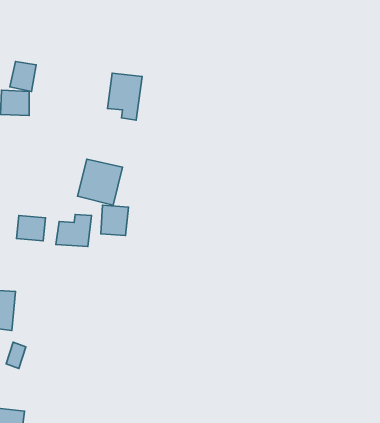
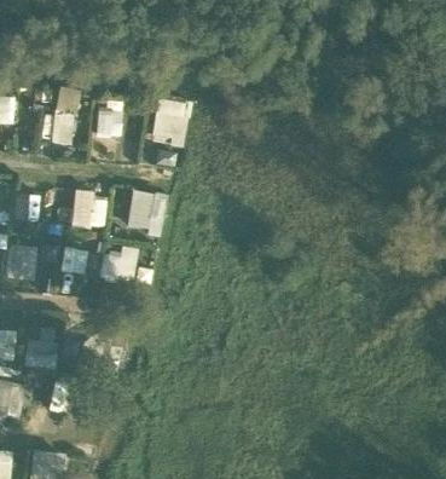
building: none -> [94,111,122,137]
building: none -> [73,192,106,229]
building: [101,205,128,235] -> none

